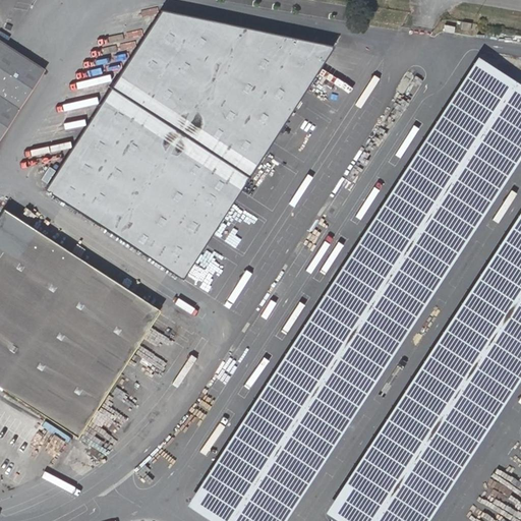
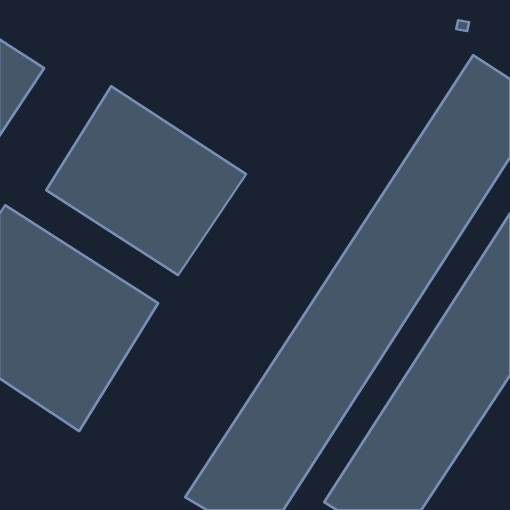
building: [113,8,335,177] -> none

